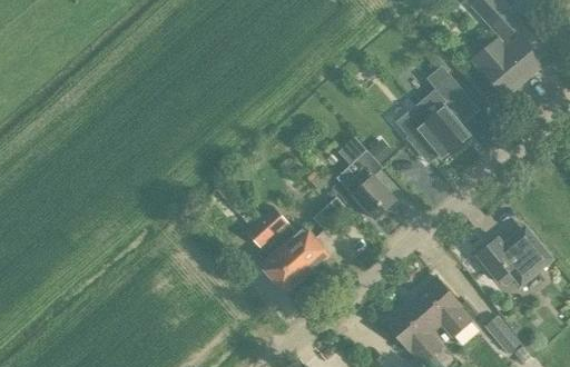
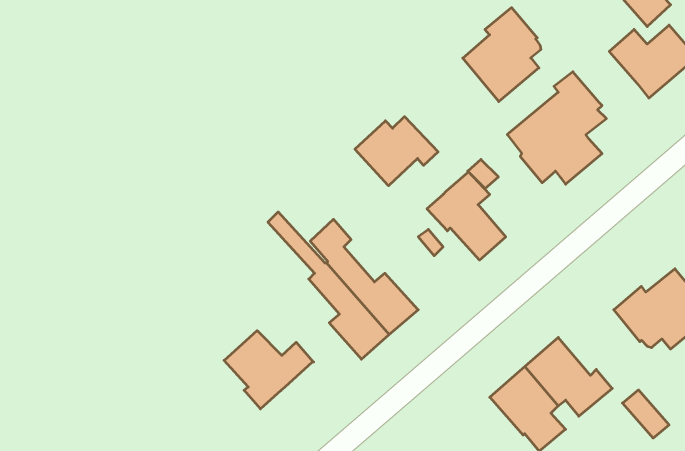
building: none -> [463,8,541,102]
building: none -> [355,117,438,186]
building: none -> [224,331,314,409]

